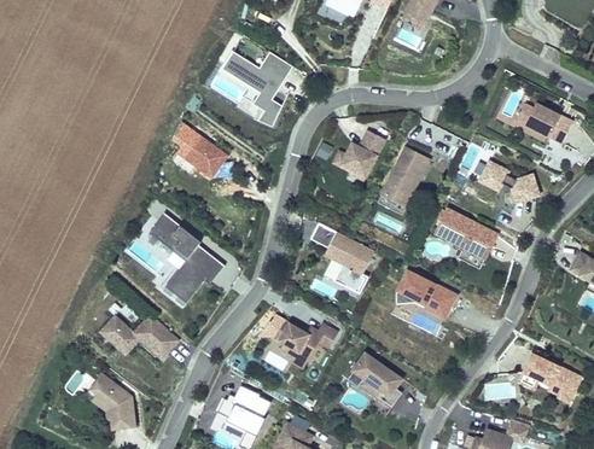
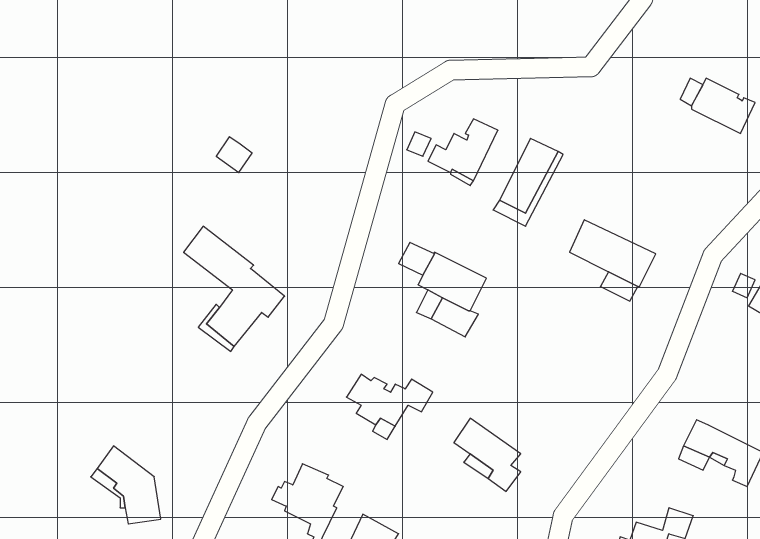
building: [223,48,295,122] -> none
building: [192,134,229,175] -> none
building: [479,161,540,202] -> none
building: [396,266,459,319] -> none
building: [98,314,176,358] -> none

